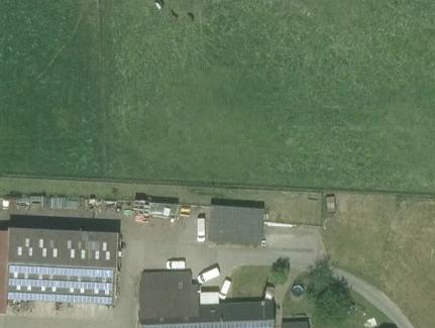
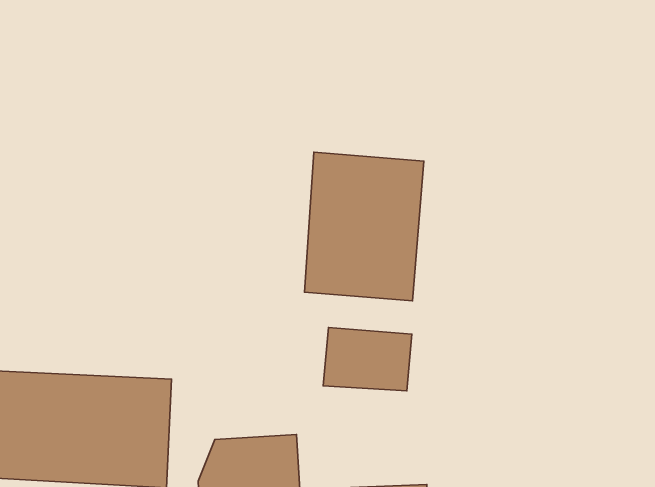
building: none -> [304,152,424,301]

